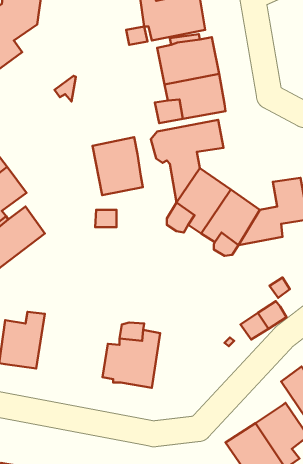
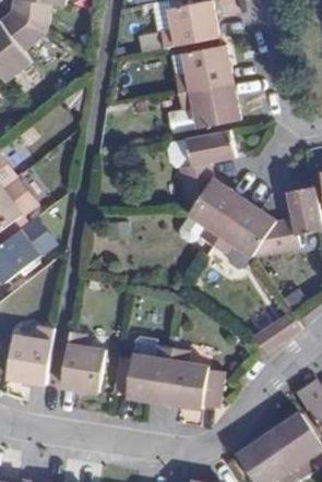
building: [93,137,143,195] -> none
building: none -> [62,329,106,390]
building: none -> [164,346,225,408]

